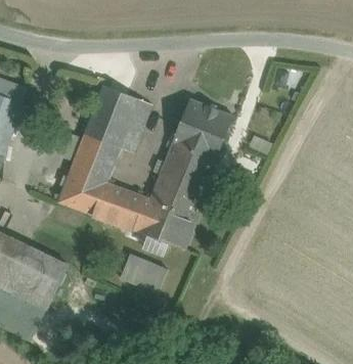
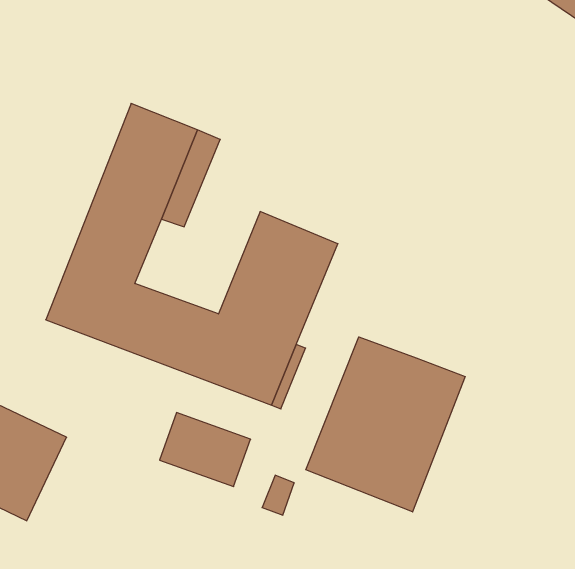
building: [172,98,233,161] -> none
building: none -> [306,337,465,512]

